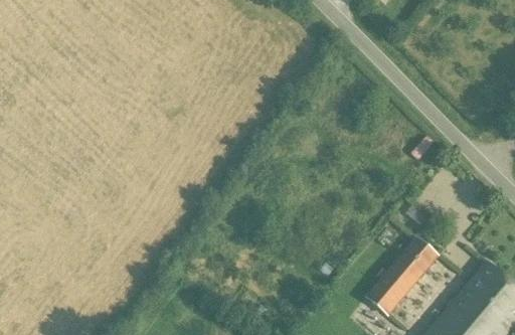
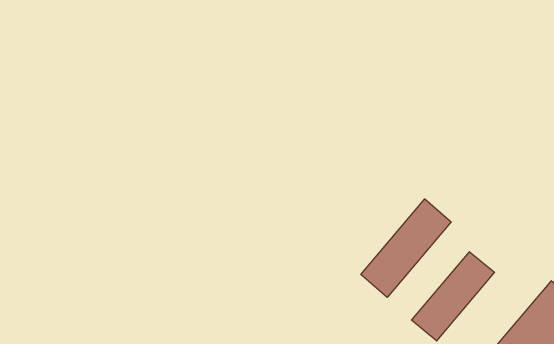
building: none -> [361,199,451,297]

